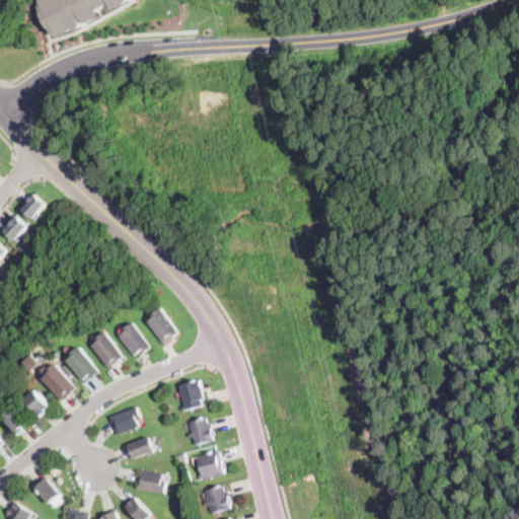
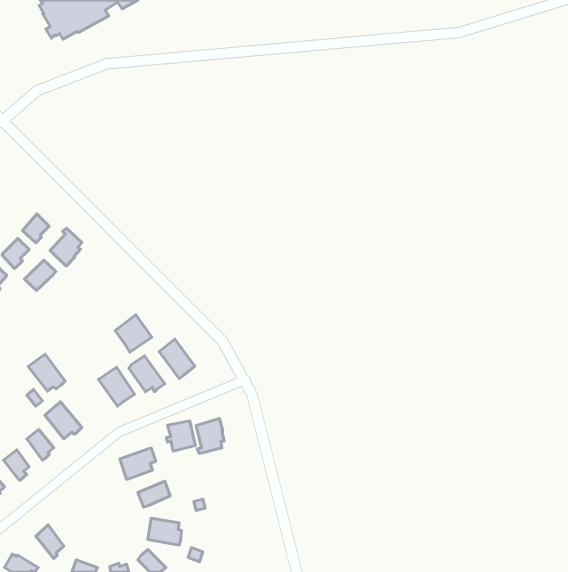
building: none -> [50,228,82,266]
building: none -> [25,260,56,290]
building: none -> [115,315,152,352]
building: [64,347,97,380] -> [28,354,65,391]
building: [186,418,212,445] -> [166,421,196,451]
building: [195,451,223,479] -> none
building: [203,487,230,513] -> none

